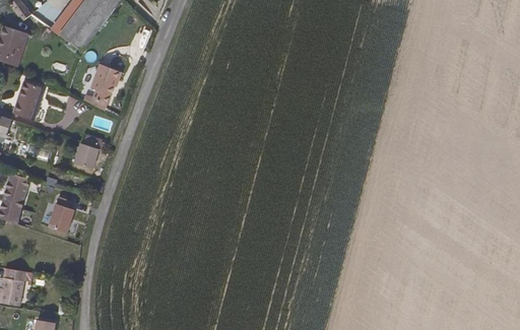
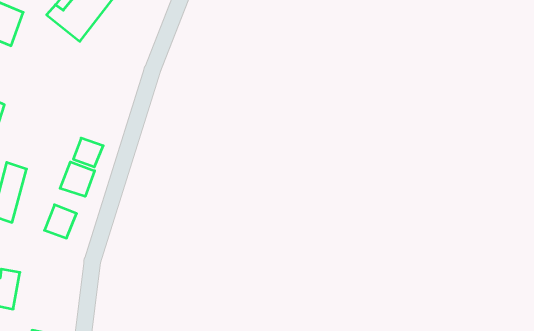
building: [89,61,124,107] -> none
building: [11,77,43,117] -> none
building: none -> [60,162,95,196]

